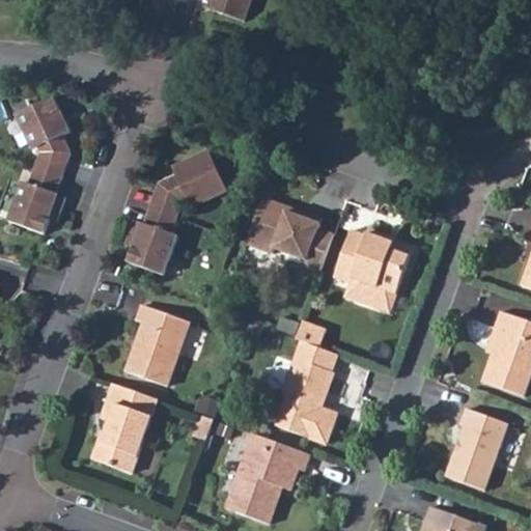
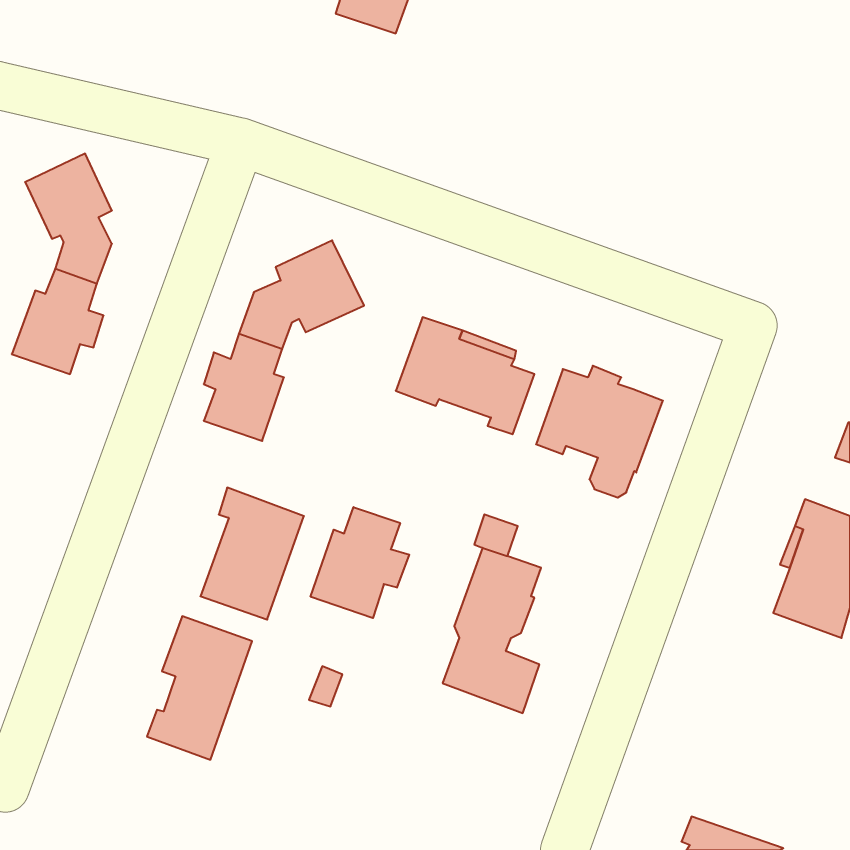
building: none -> [311,507,409,618]
building: [447,409,509,491] -> none
building: [224,432,310,523] -> none

